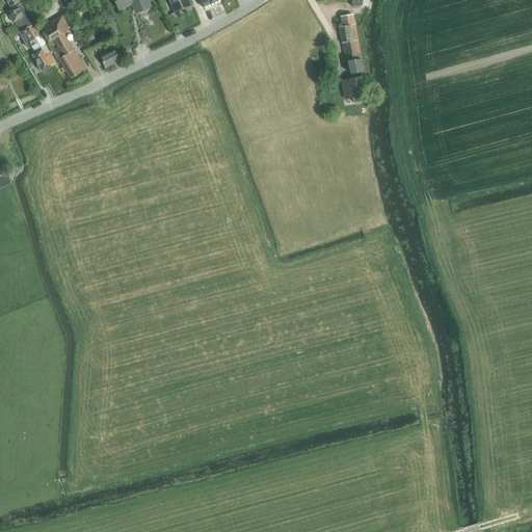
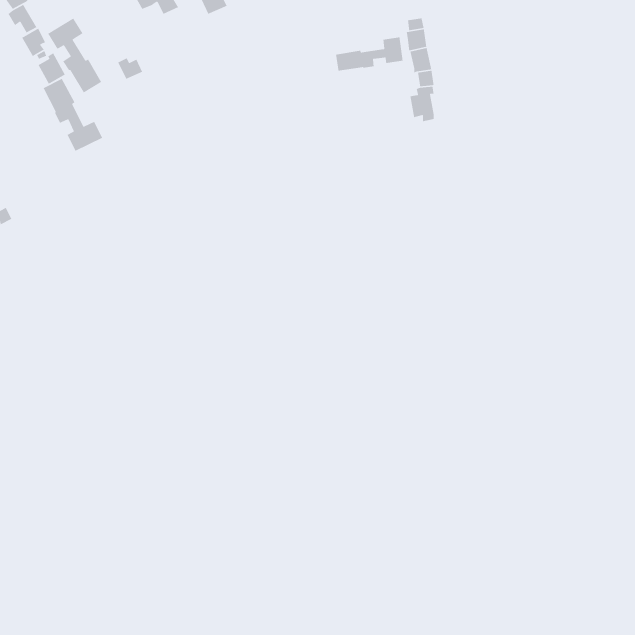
building: none -> [335,37,403,72]
building: none -> [43,78,103,152]

